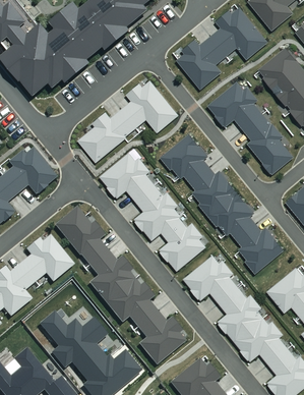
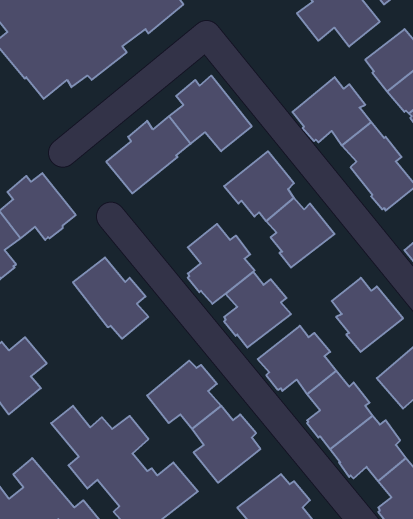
building: [175,37,225,90] -> none
building: [99,153,154,201] -> none
building: [205,191,254,238] -> none
building: [19,236,73,283] -> none
building: [87,249,134,304] -> none

